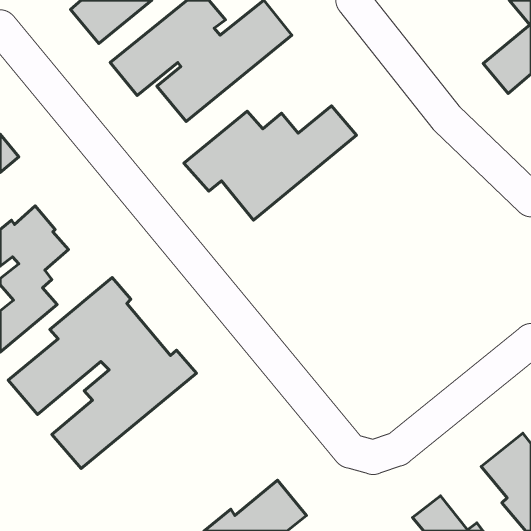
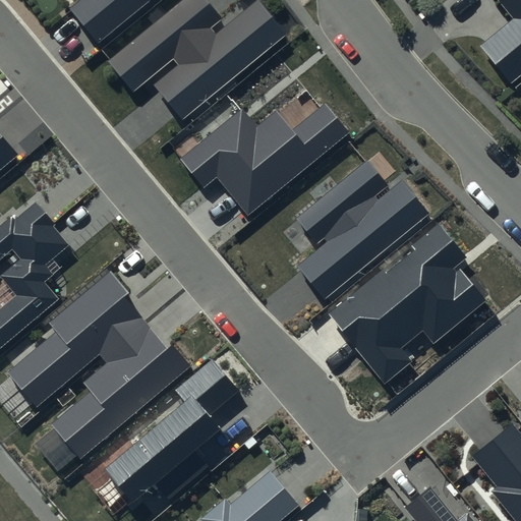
building: none -> [296,160,428,299]
building: none -> [326,224,484,386]
building: none -> [105,359,239,503]

